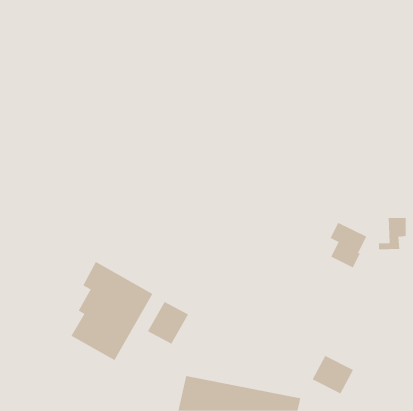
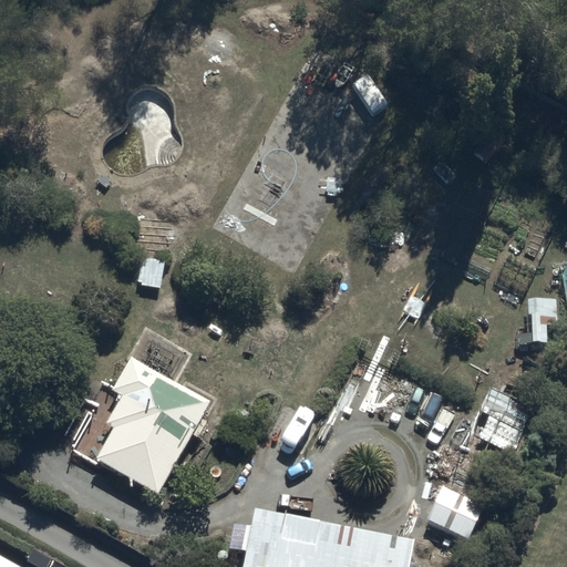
building: [330,222,367,268] -> [480,388,530,451]
building: [147,301,189,344] -> none

